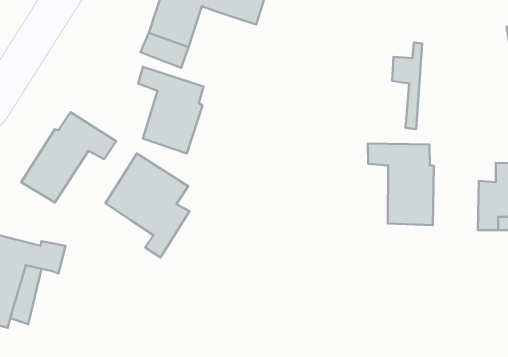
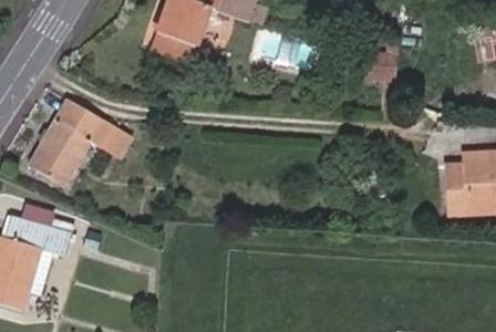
building: [138,67,204,153] -> none
building: [368,143,434,225] -> none
building: [105,154,190,258] -> none

